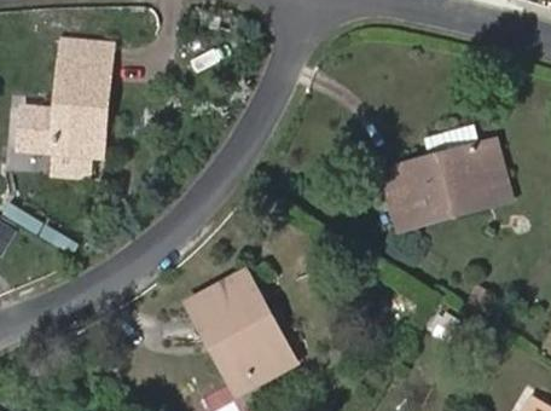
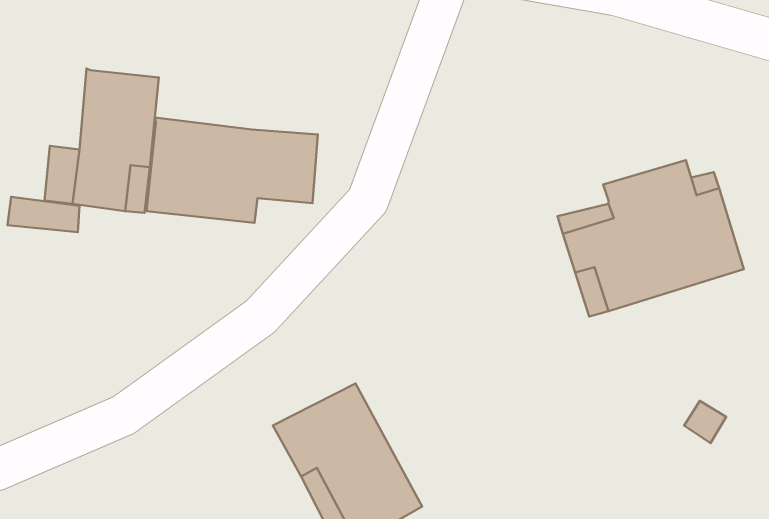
building: [63,30,112,65] -> none
building: none -> [147,118,318,223]

